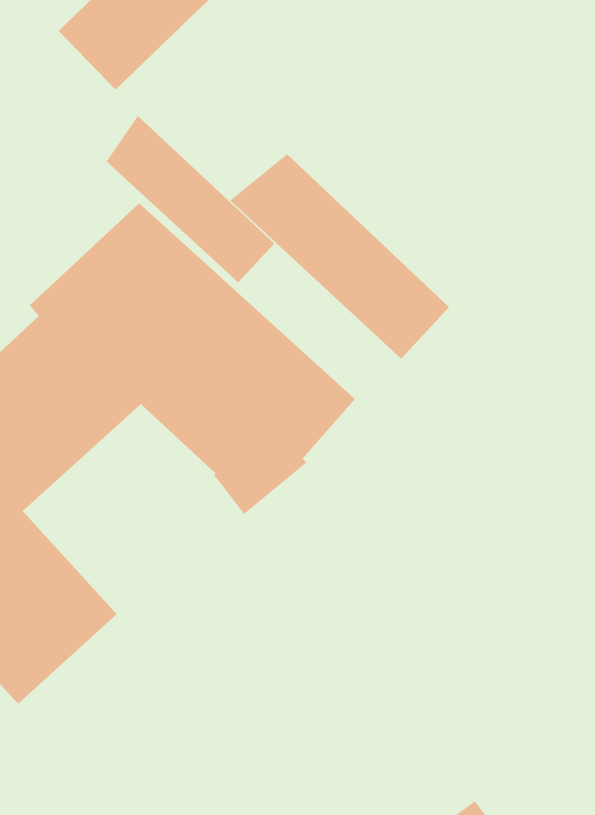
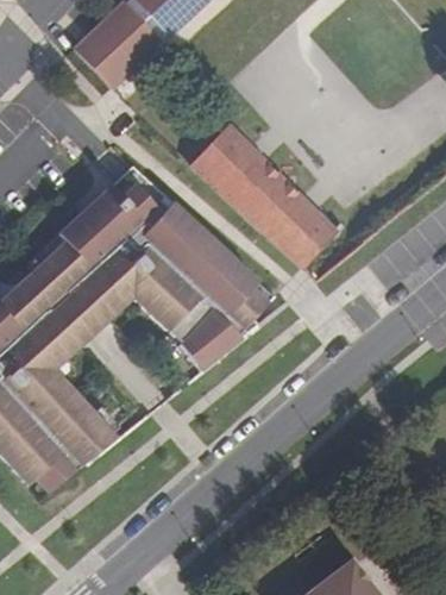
building: [106,115,275,283] -> none

